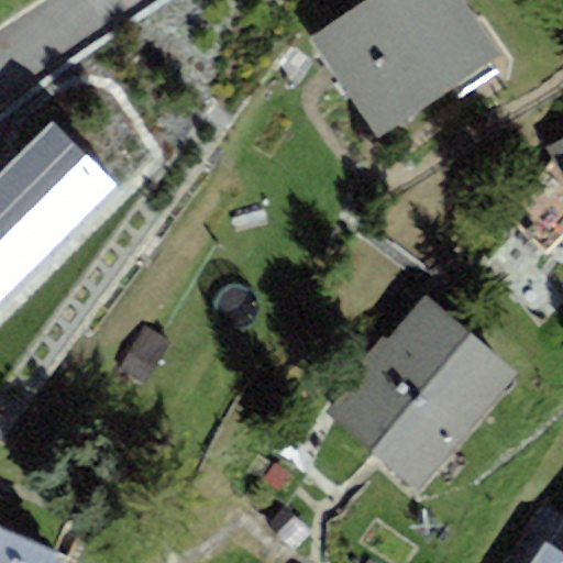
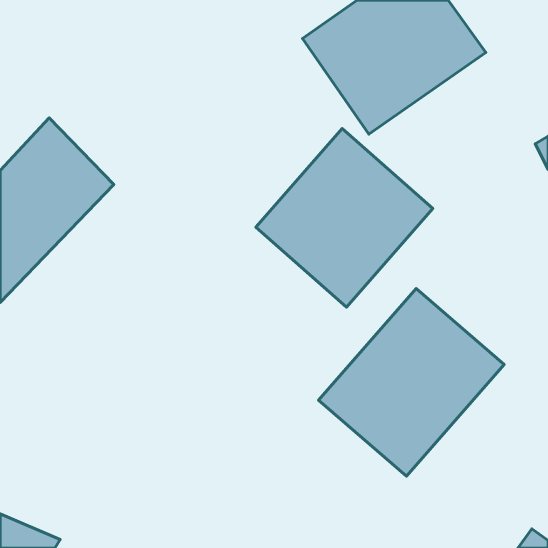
building: none -> [256,129,433,307]

